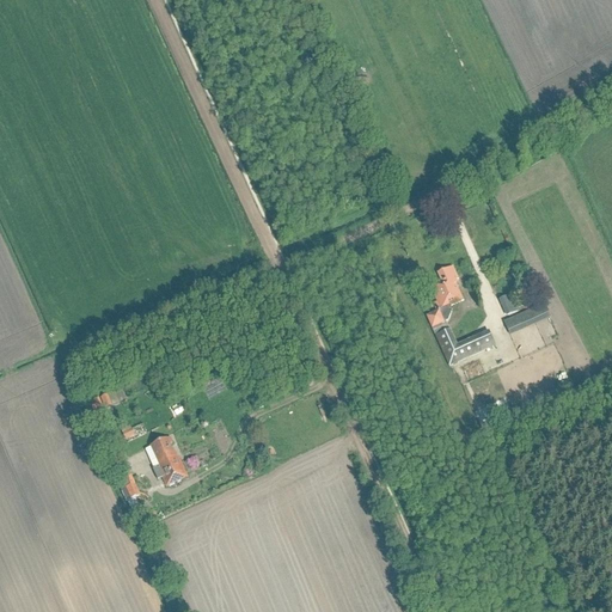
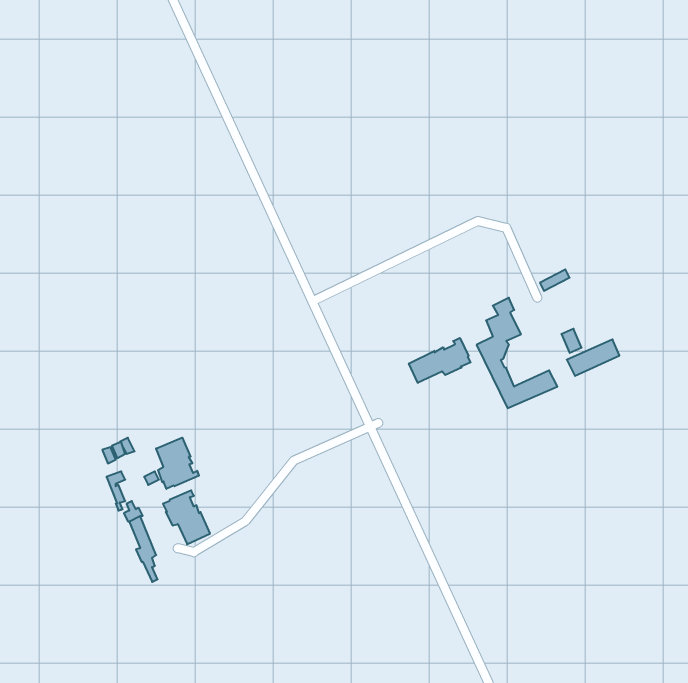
building: none -> [409,338,471,383]
building: none -> [156,438,199,489]

